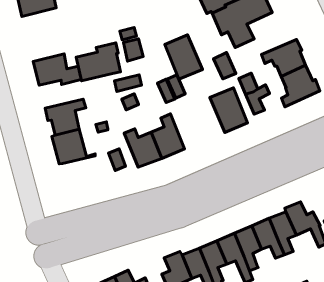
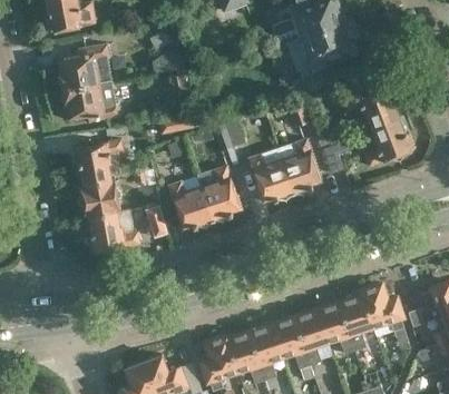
building: [165,35,202,79] -> [247,148,292,203]
building: [76,43,120,81] -> [56,43,109,88]
building: none -> [88,210,138,253]

